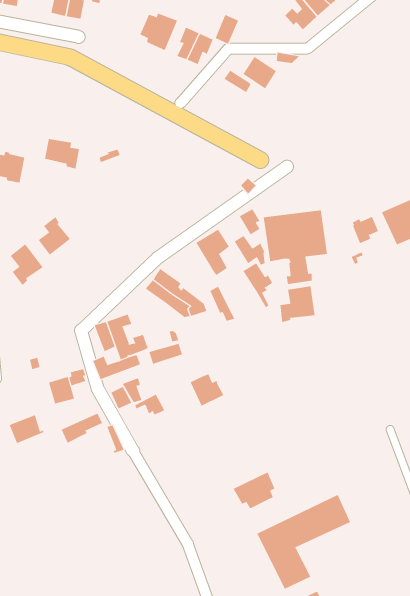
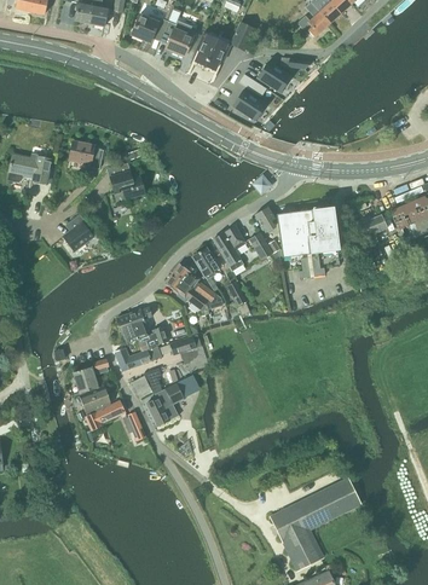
building: none -> [131,13,168,42]
building: none -> [232,89,266,121]
building: none -> [110,172,145,205]
building: [10,243,44,286] -> none
building: [243,262,273,308] -> [192,248,221,291]
building: [280,286,315,323] -> none
building: [190,373,224,406] -> [146,394,179,425]
building: [9,415,44,444] -> [79,386,112,413]
building: [233,471,275,509] -> none

